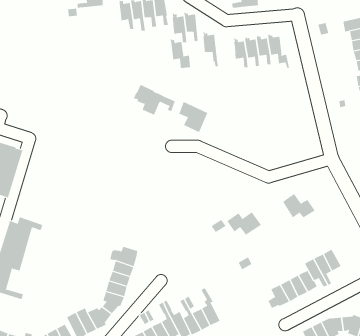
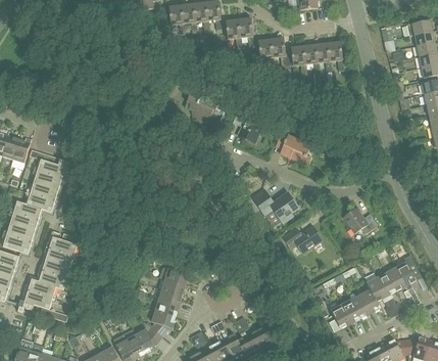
building: [170,39,191,68] -> [270,34,292,65]
building: none -> [275,135,310,166]
building: none -> [250,187,296,223]
building: none -> [395,255,421,296]

